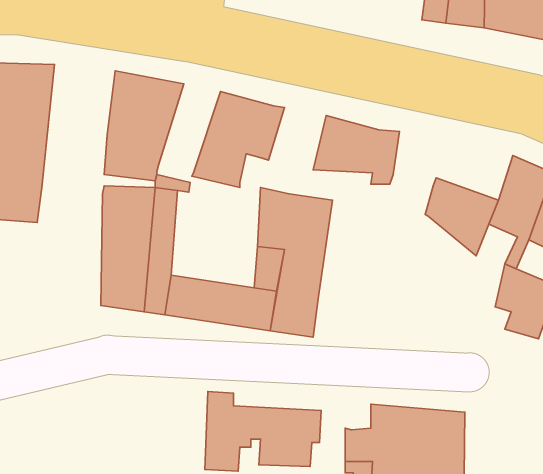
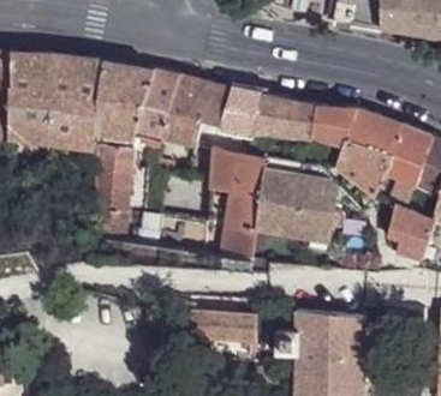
building: none -> [48,55,103,152]
building: none -> [136,70,183,137]
building: none -> [219,88,262,142]
building: none -> [312,106,403,157]
building: none -> [256,157,341,241]

